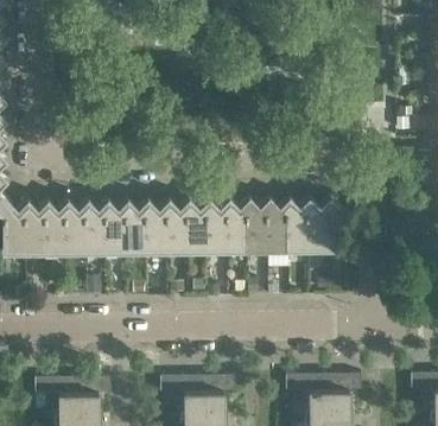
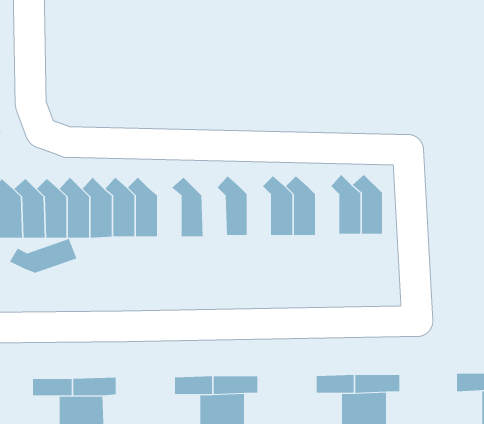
building: [279,201,306,255] -> none
building: [178,202,207,256] -> none
building: [218,202,246,255] -> none
building: [138,203,166,256] -> none
building: none -> [9,238,77,274]

